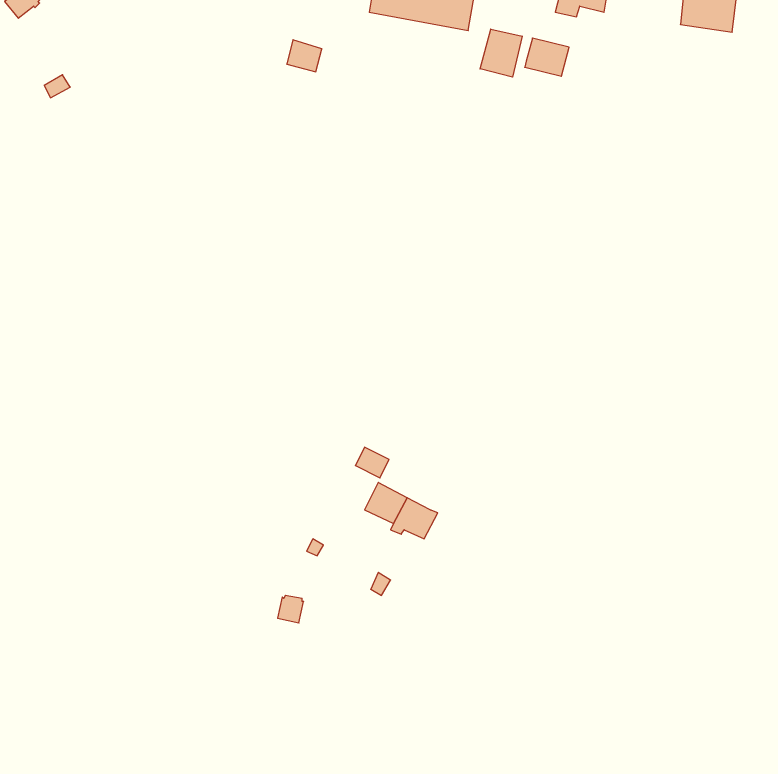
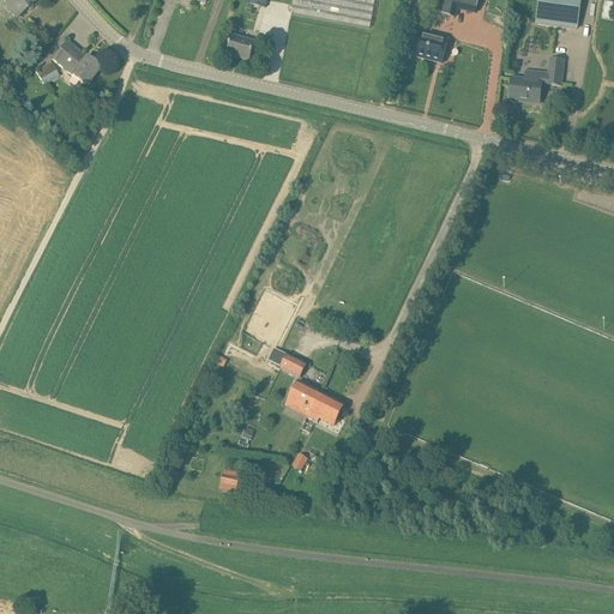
building: [480,29,522,77] -> none
building: none -> [53,36,100,82]
building: none -> [507,55,562,100]

